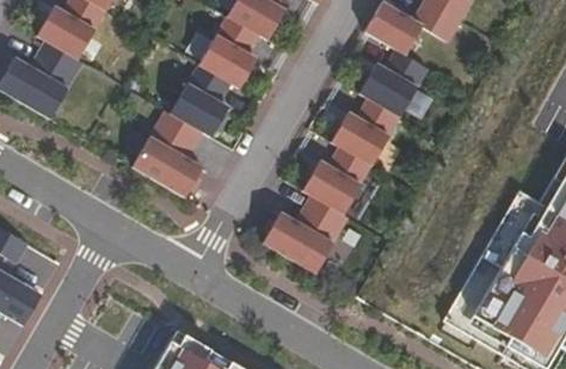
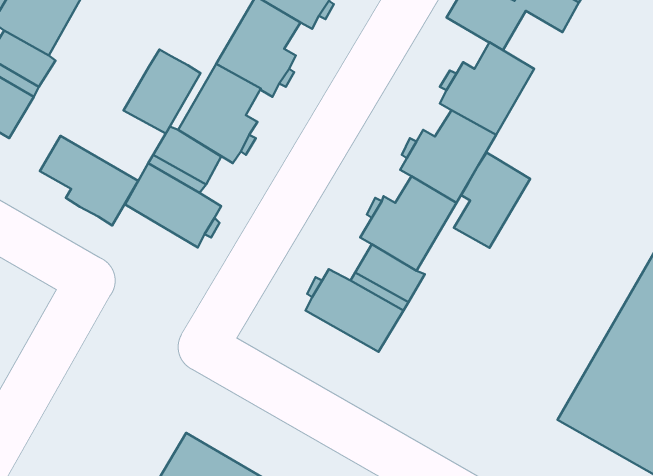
building: none -> [124,49,200,134]
building: none -> [40,136,138,226]
building: none -> [454,153,530,248]

